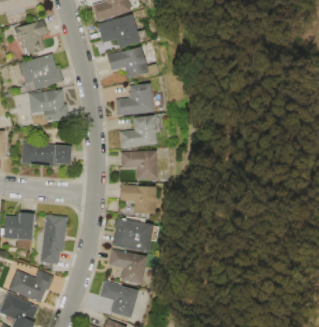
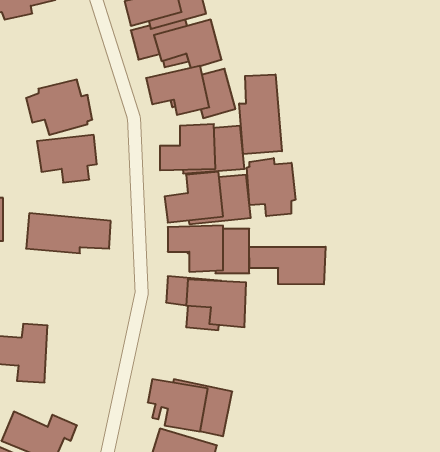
building: [15,21,48,55] -> none
building: none -> [239,74,282,154]
building: none -> [247,158,296,216]
building: none -> [249,247,326,284]
building: [39,217,66,265] -> none
building: [116,218,159,253] -> none

